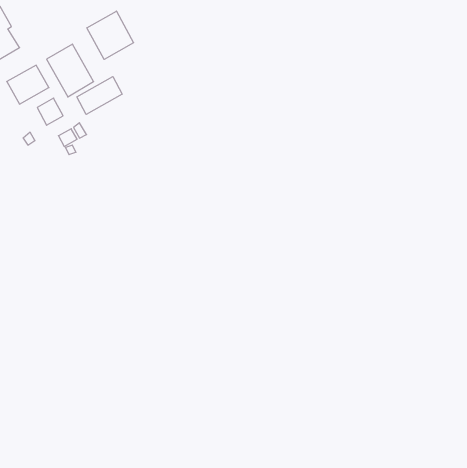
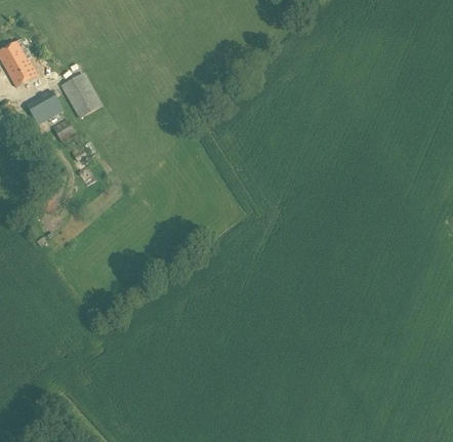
building: [87,11,134,59] -> none
building: [77,77,122,114] -> none

